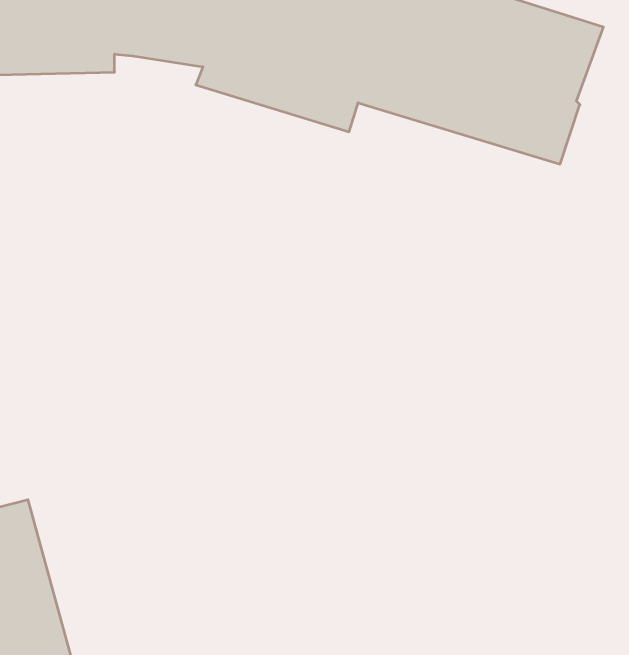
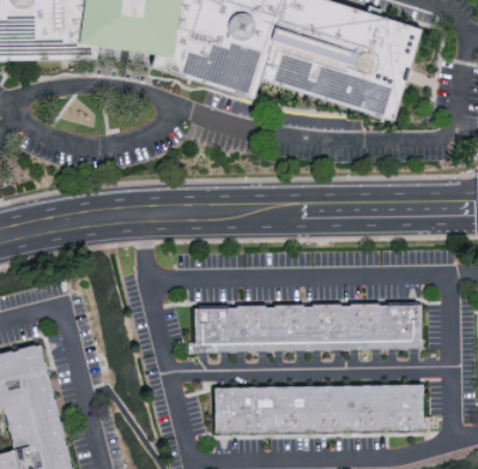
building: none -> [195,306,424,353]
building: none -> [213,386,425,435]

